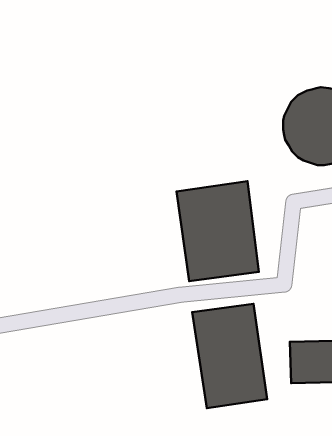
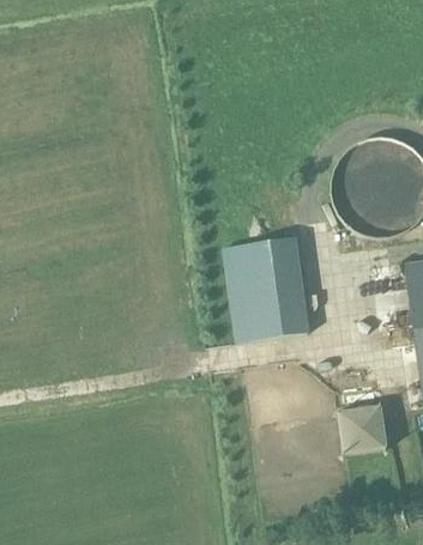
building: [192,304,267,408] -> none

